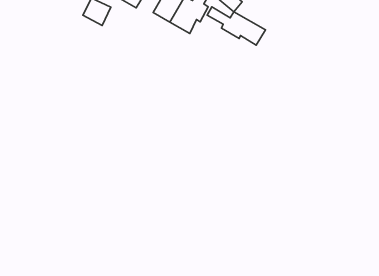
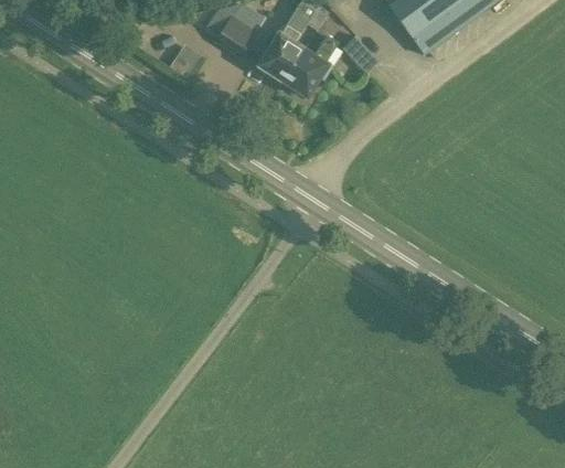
building: [207,7,265,45] -> none

